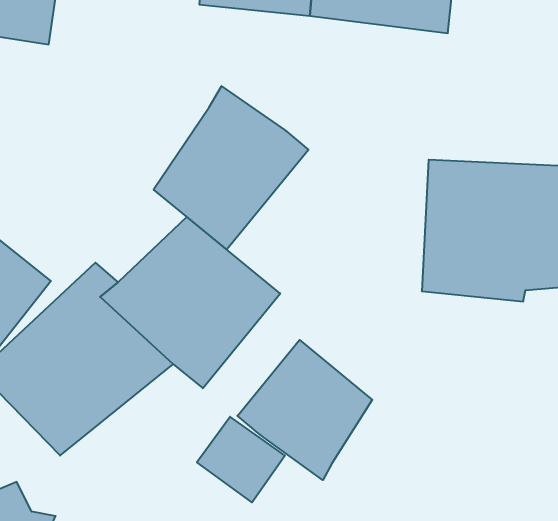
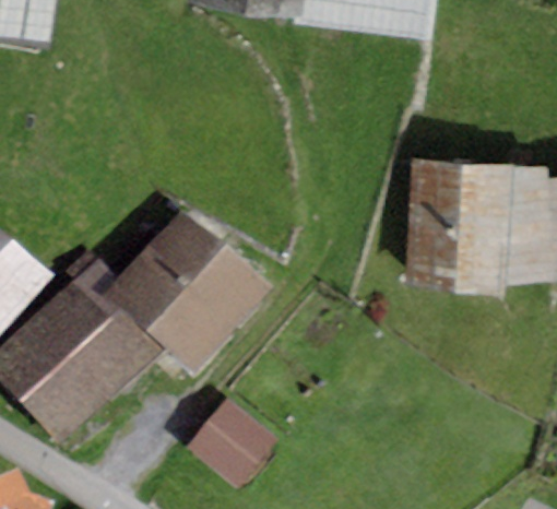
building: [154,86,308,250] -> none
building: [237,340,372,480] -> none

